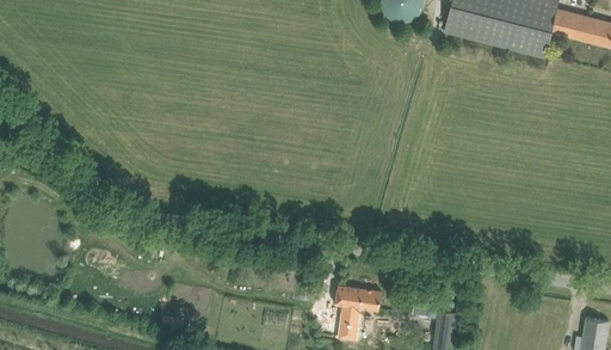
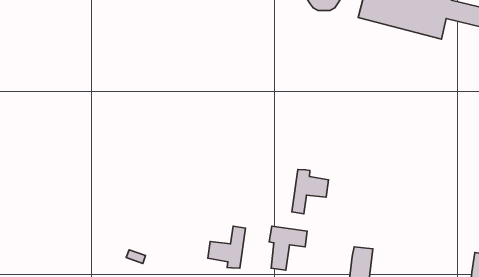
building: none -> [292,170,329,214]
building: none -> [208,226,245,268]

